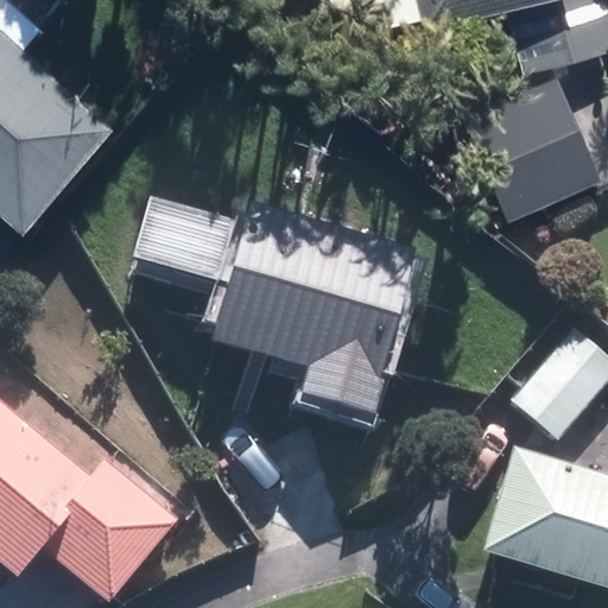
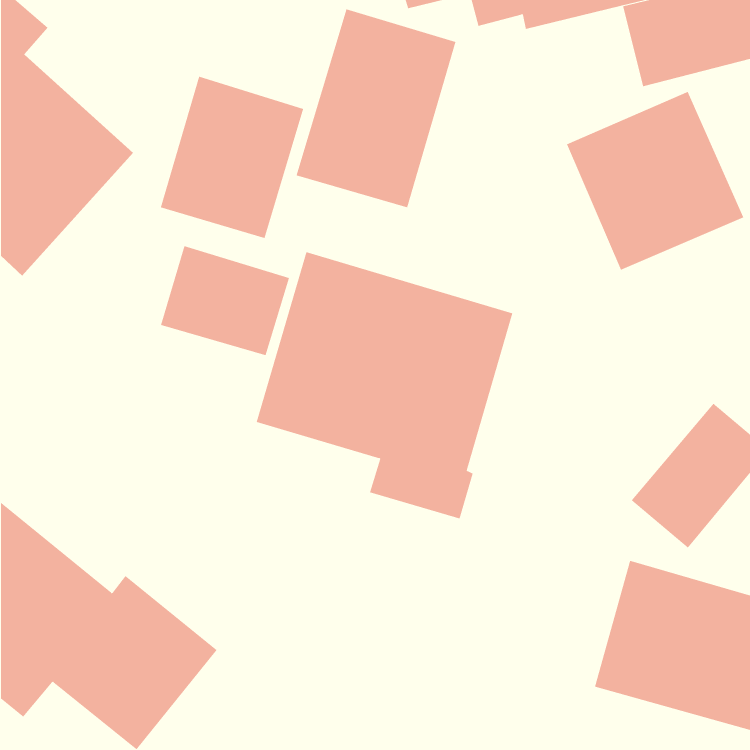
building: none -> [296,9,456,208]
building: none -> [160,76,304,239]

